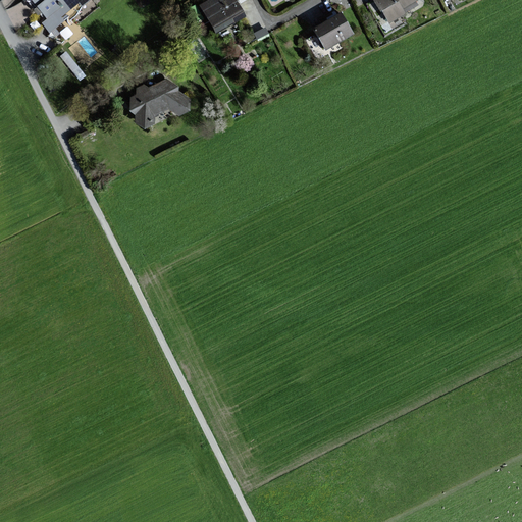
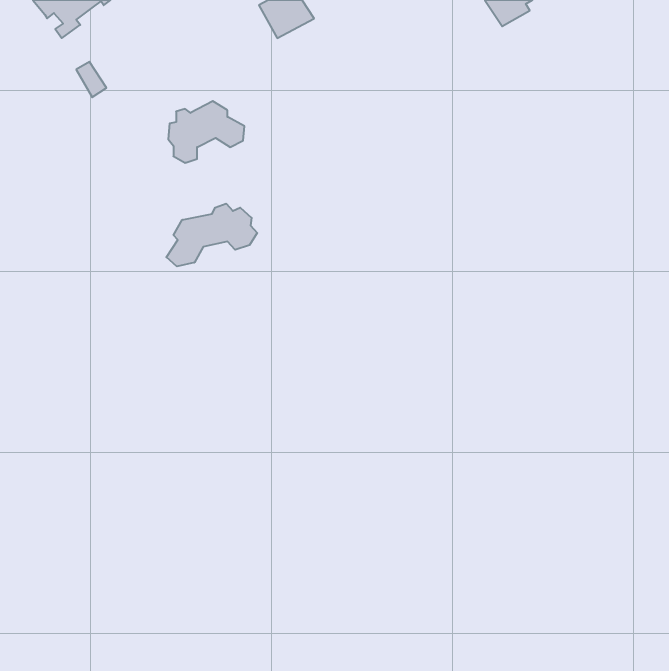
building: [315,12,352,48] -> none
building: none -> [166,204,257,266]

